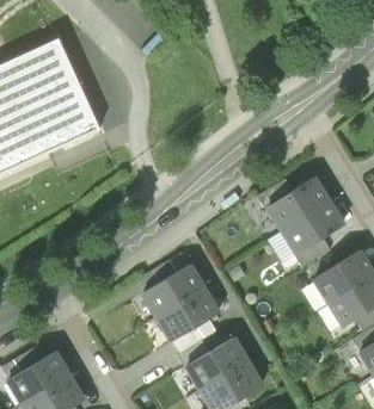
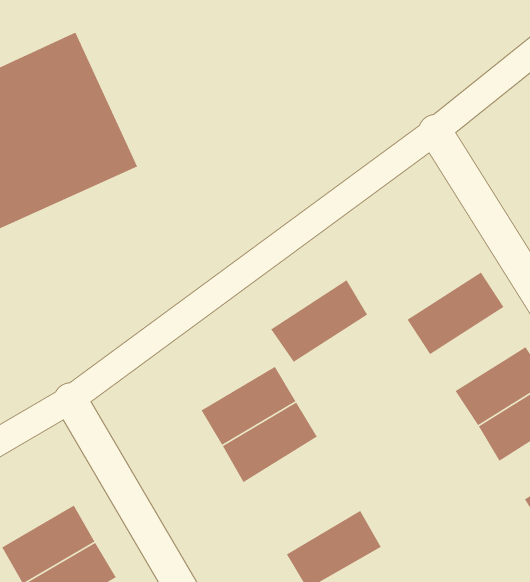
building: [264,176,330,233] -> [270,279,368,363]
building: [185,337,249,390] -> none

